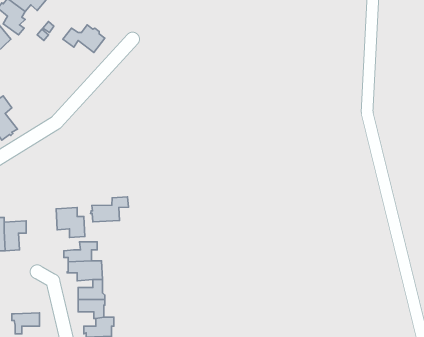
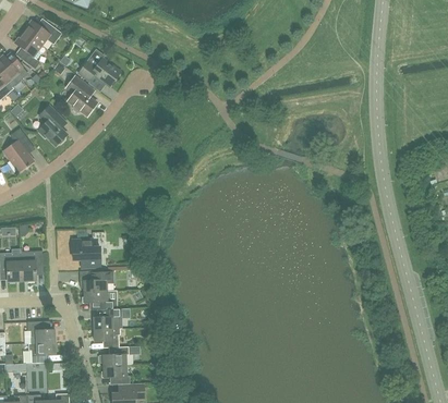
building: none -> [65,76,96,115]
building: none -> [37,106,65,146]
building: [91,197,128,222] -> none
building: none -> [26,321,55,343]

